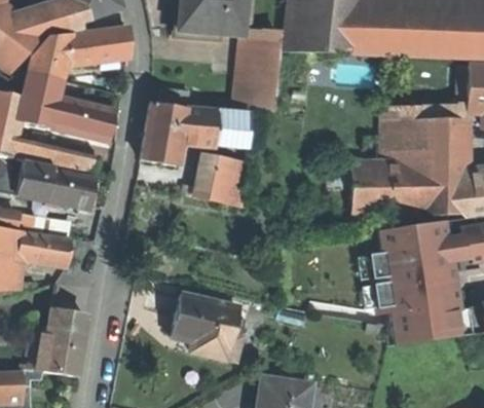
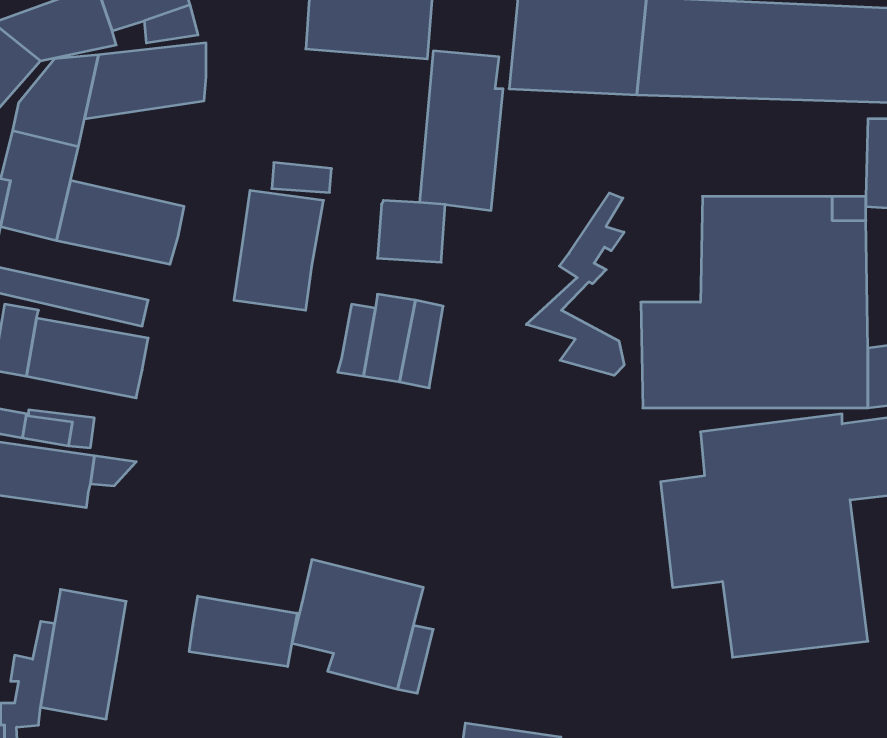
building: none -> [526,193,624,375]
building: [181,106,217,145] -> none
building: none -> [189,596,297,667]

